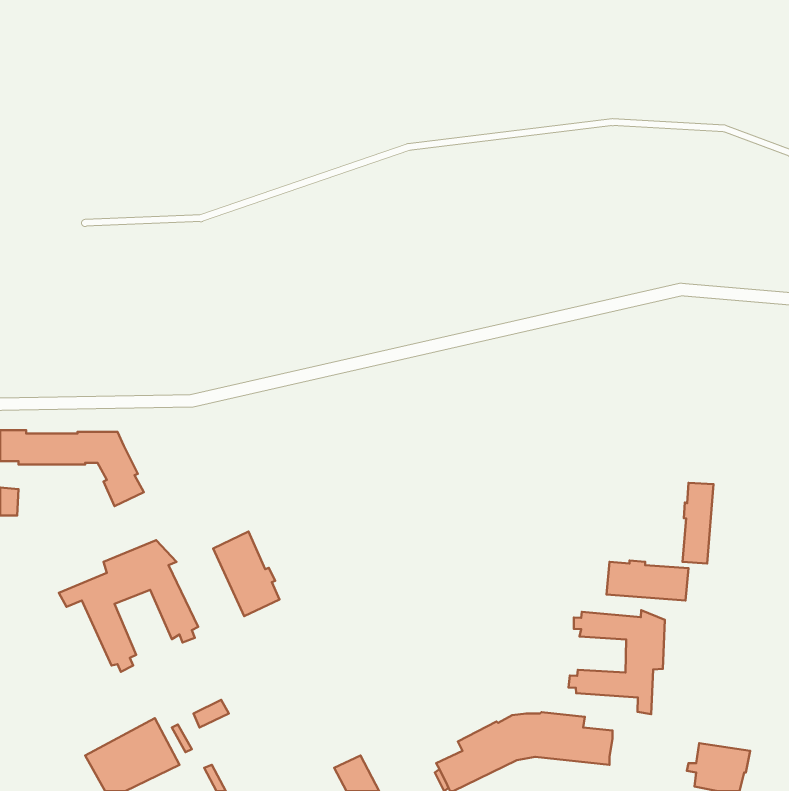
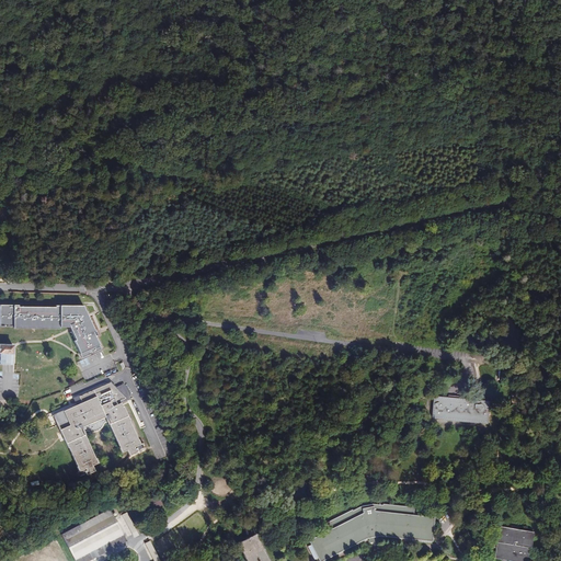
building: [682,483,713,563] -> none
building: [213,532,280,616] -> none
building: [568,610,665,714] -> none

